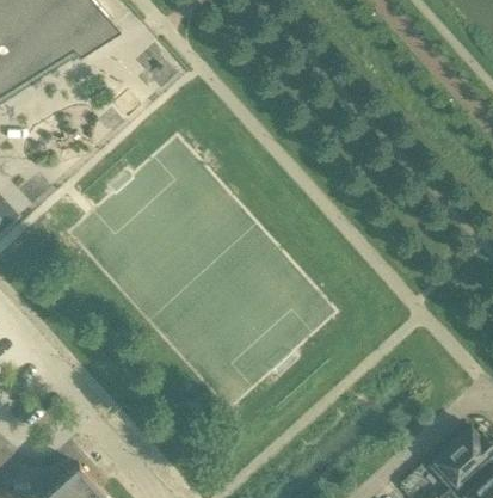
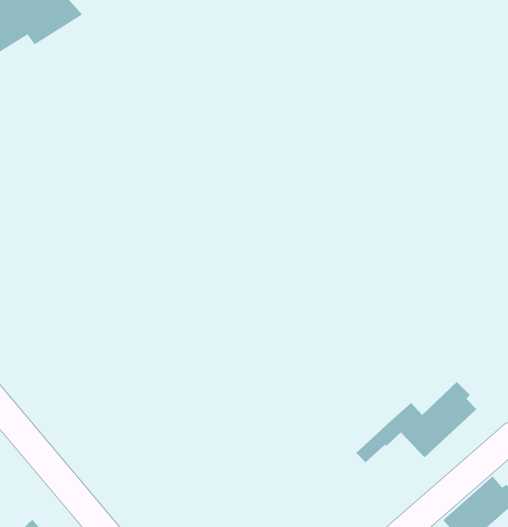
building: none -> [355,381,477,463]

